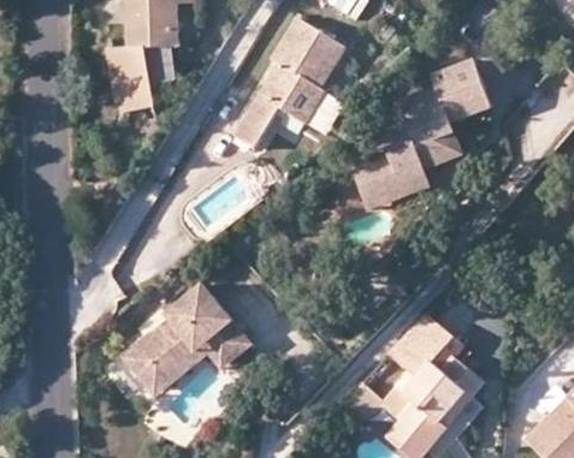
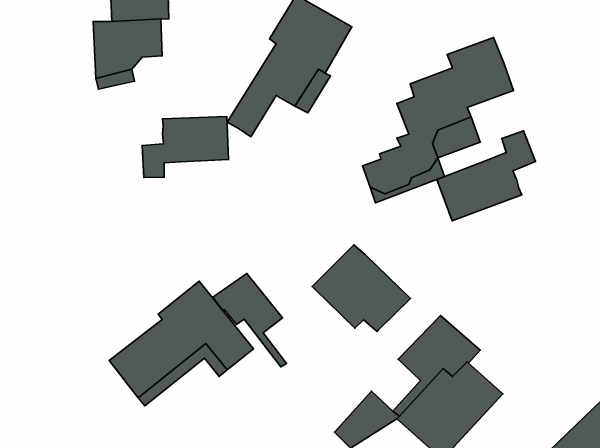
building: none -> [142,116,228,177]
building: none -> [437,131,536,221]
building: none -> [312,245,410,332]
building: none -> [213,274,287,367]

